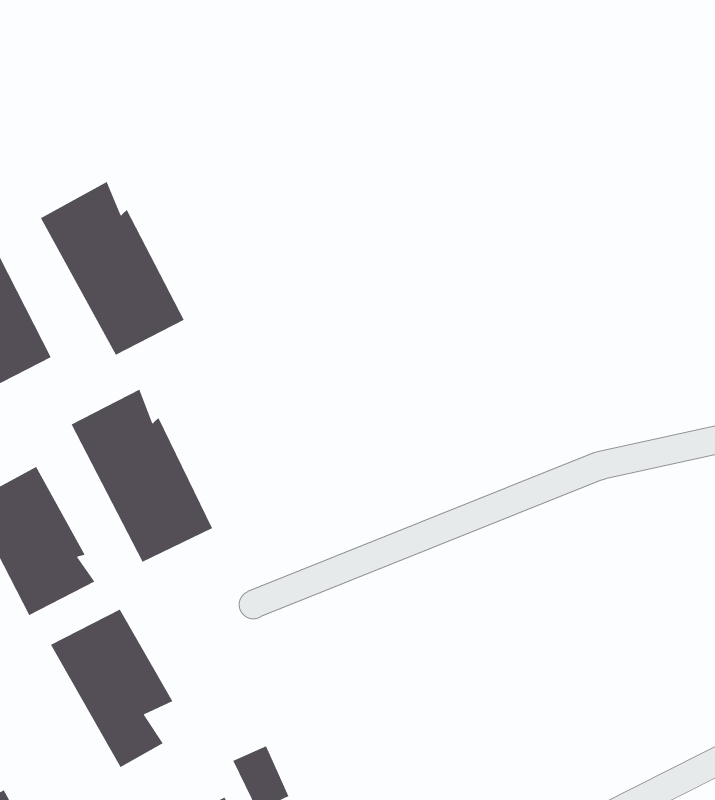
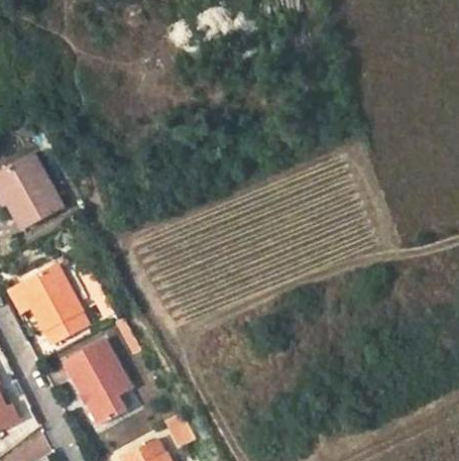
building: [40,181,185,356] -> none
building: [71,388,213,563] -> none

